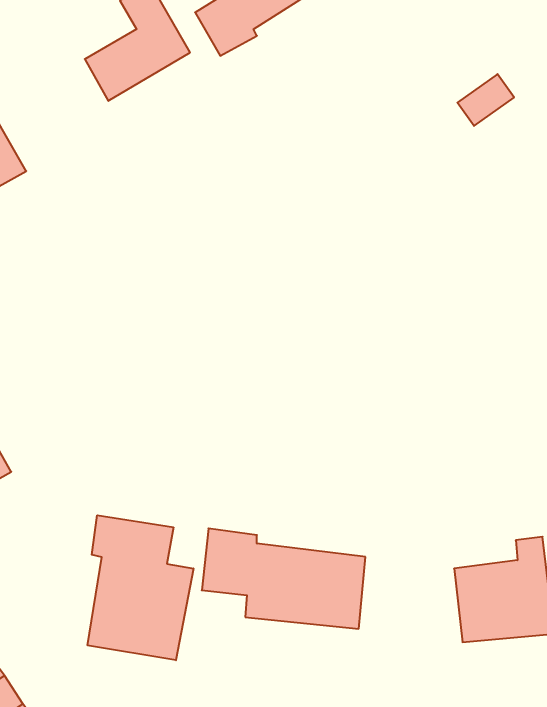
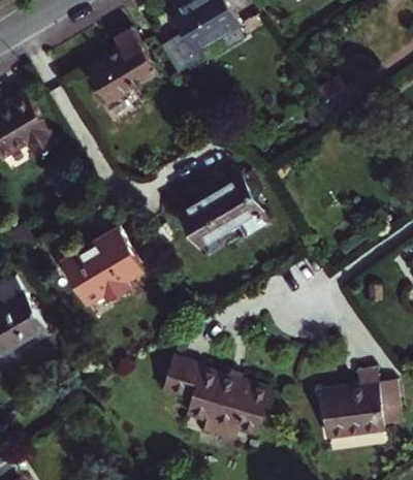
building: none -> [179,174,265,245]
building: none -> [63,227,145,305]
building: [88,515,193,660] -> none

